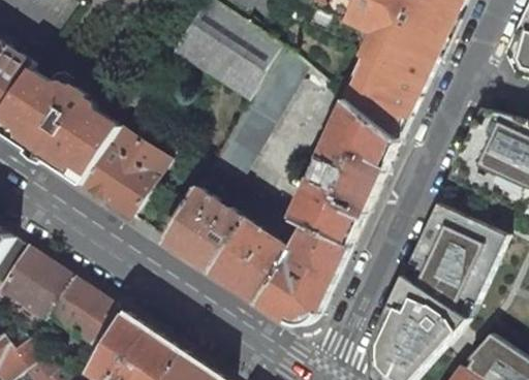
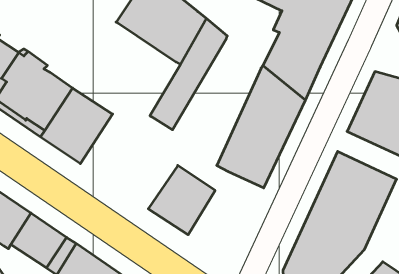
building: [165,187,245,271] -> none
building: [257,226,347,321] -> none

